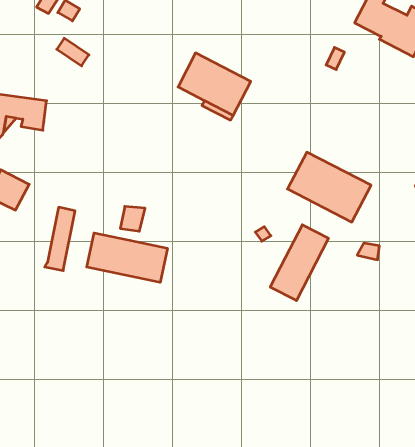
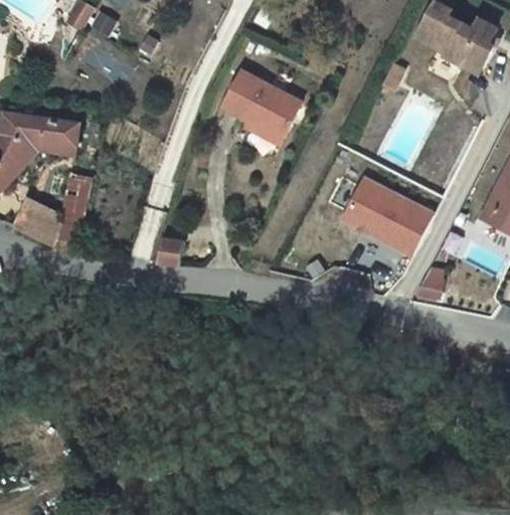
building: [45,207,75,271] -> [56,172,90,241]
building: [270,225,328,301] -> none
building: [87,233,167,282] -> none

